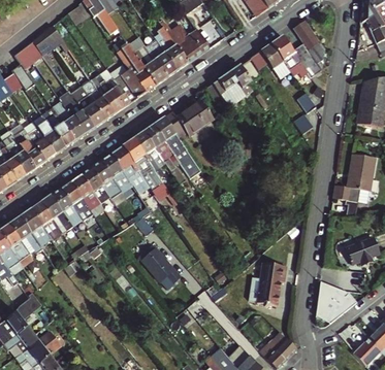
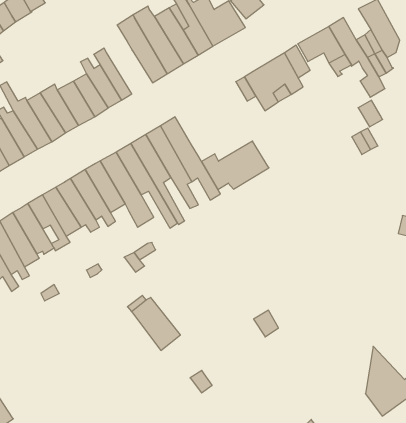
building: [110,64,146,102] -> none
building: [164,99,214,136] -> [202,141,269,189]
building: [256,266,285,308] -> none

